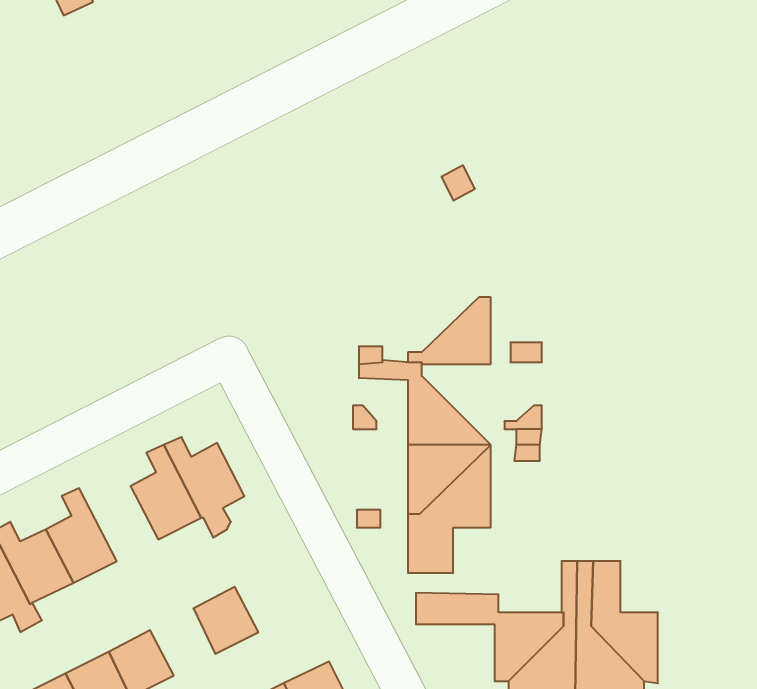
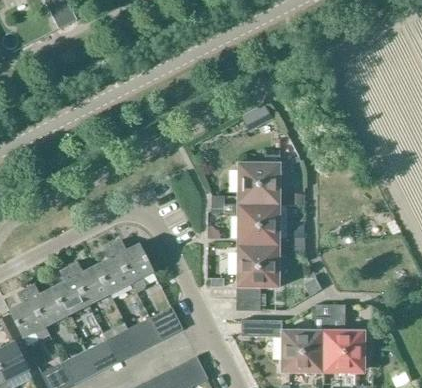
building: none -> [237,151,279,199]
building: none -> [244,205,279,246]
building: none -> [70,263,110,305]
building: none -> [149,307,183,341]
building: none -> [106,329,139,363]

